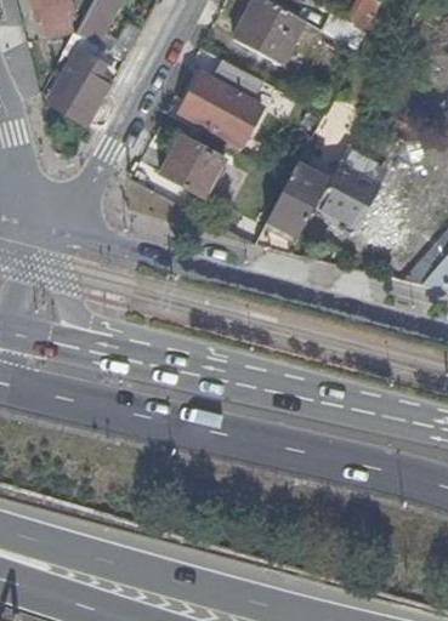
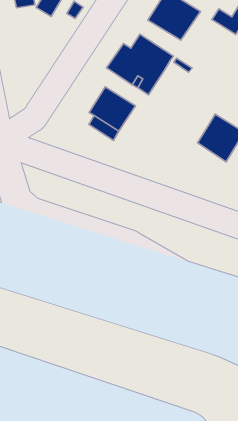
building: [56,52,108,118] -> none
building: [256,136,327,249] -> none

